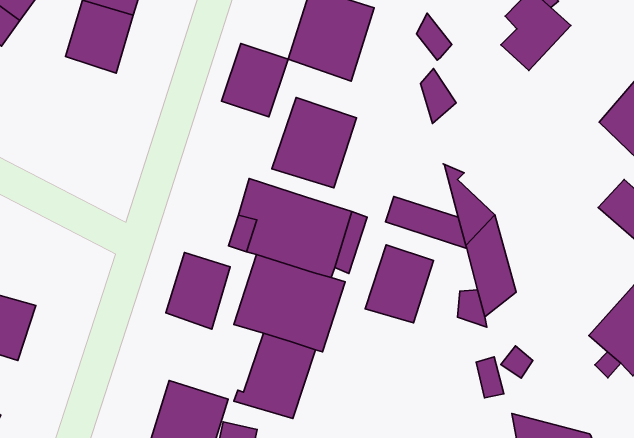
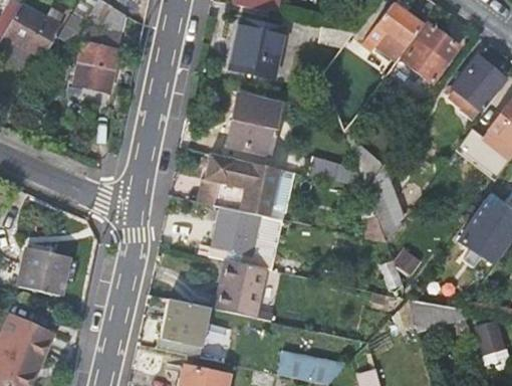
building: none -> [401,23,459,82]
building: [221,44,288,117] -> none
building: [365,245,434,323] -> none
building: [166,252,230,329] -> none

